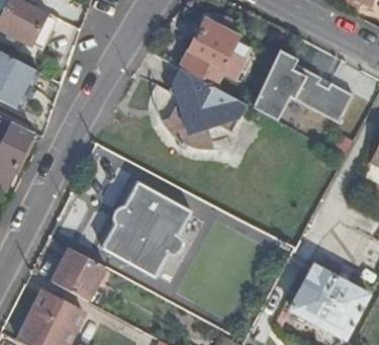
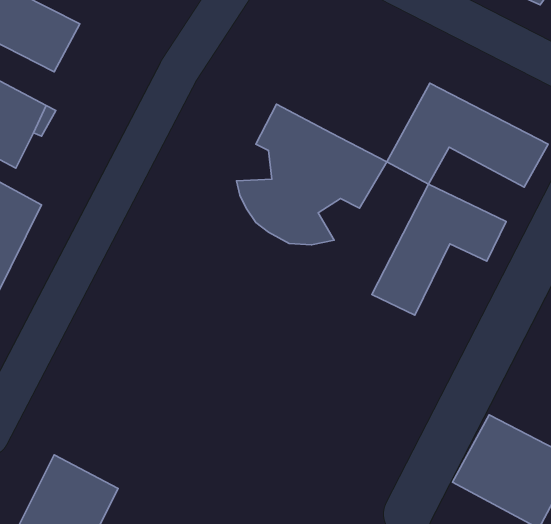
building: [181,17,254,87] -> none
building: none -> [372,184,506,315]
building: [103,188,188,279] -> none
building: [46,245,101,299] -> none

